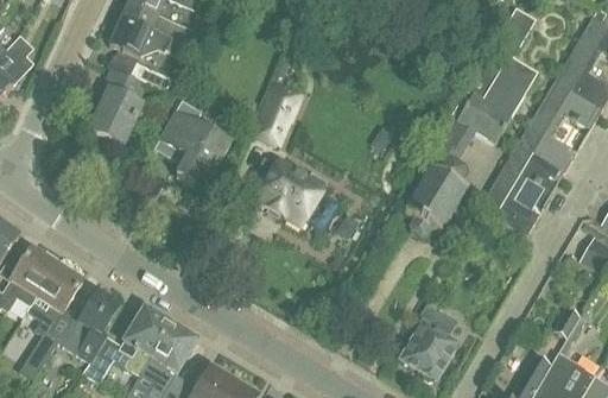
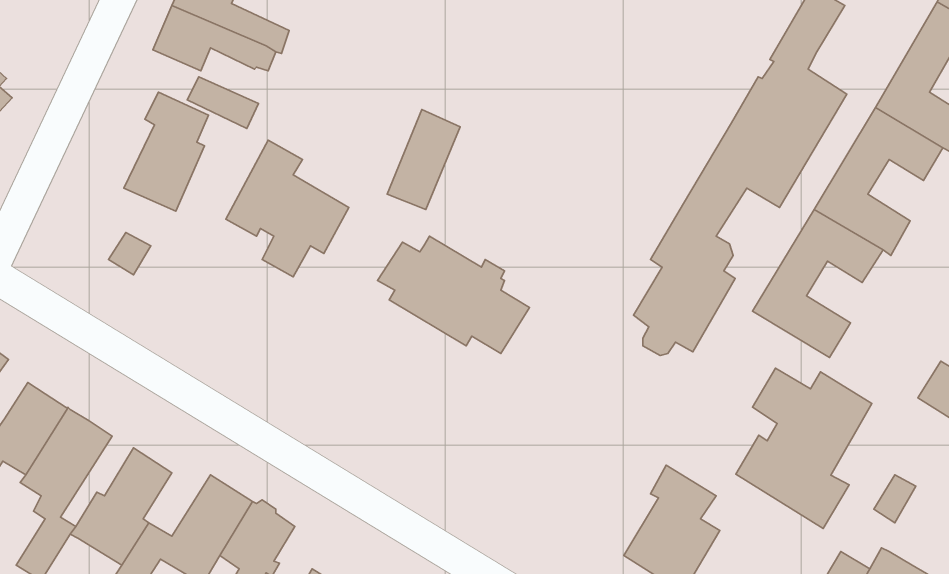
building: none -> [736,368,872,529]

